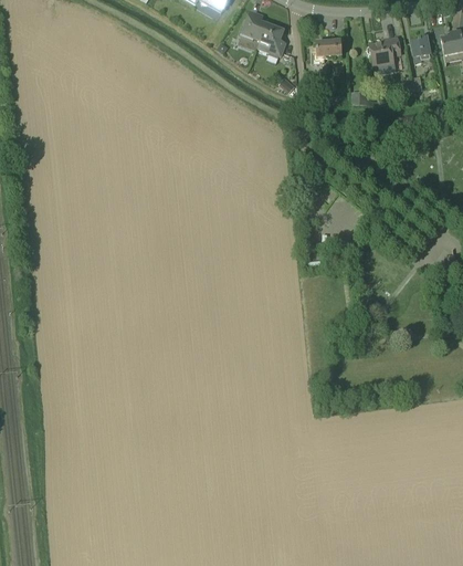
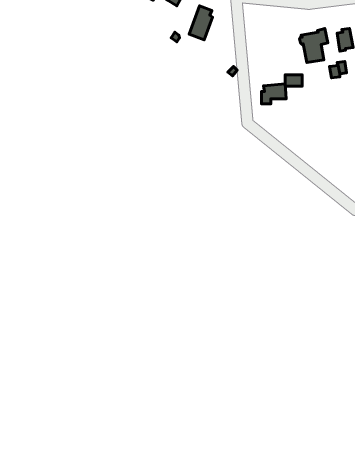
building: [256,21,285,54] -> none
building: [313,38,341,61] -> [262,84,286,104]

